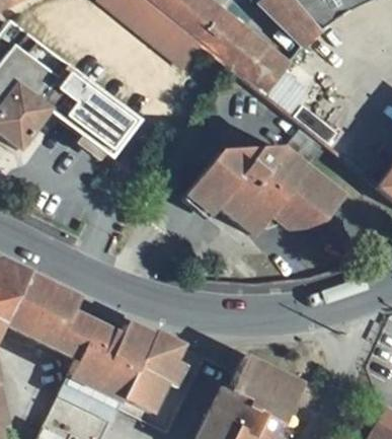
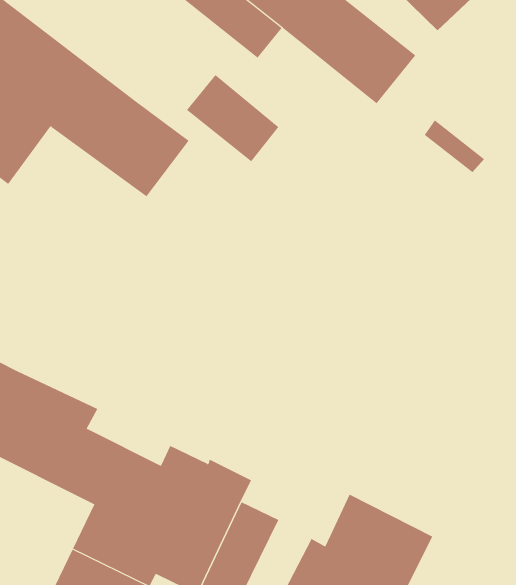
building: none -> [186,74,279,162]
building: [184,128,341,234] -> none

